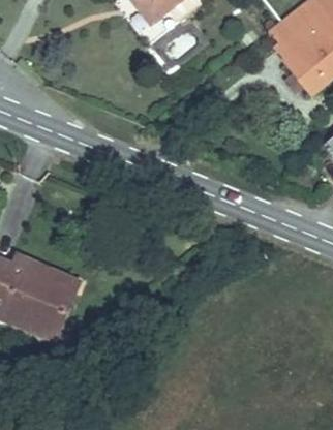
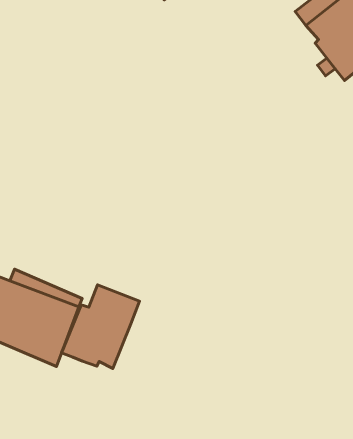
building: none -> [62,285,140,368]

